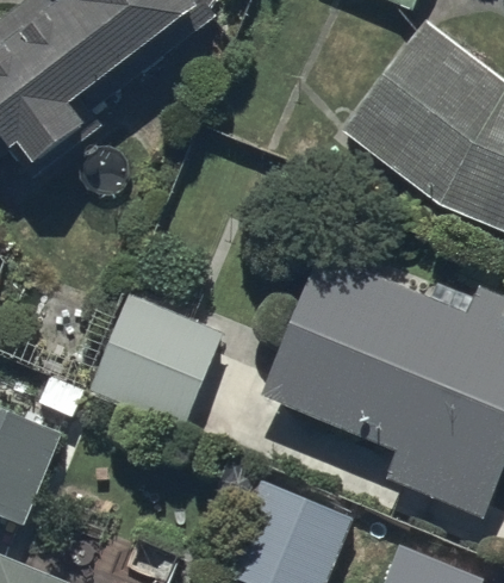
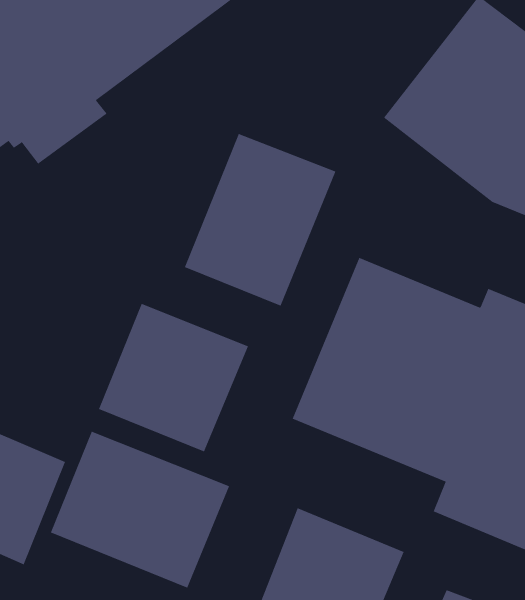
building: none -> [184,133,336,306]
building: none -> [50,431,230,589]

